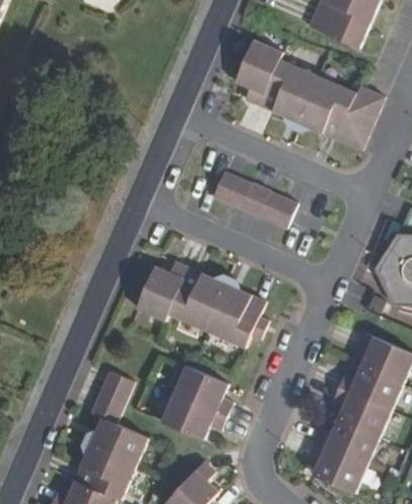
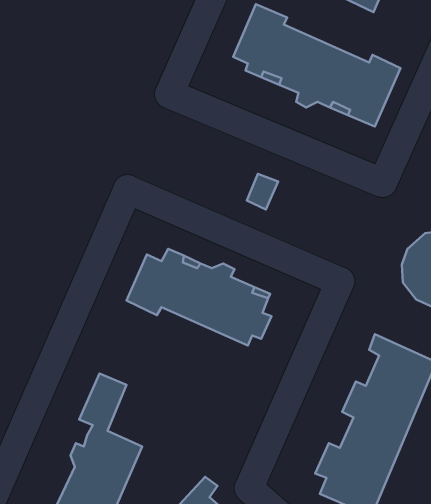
building: [214,176,254,213] -> none
building: [261,196,299,233] -> none
building: [160,363,233,437] -> none

